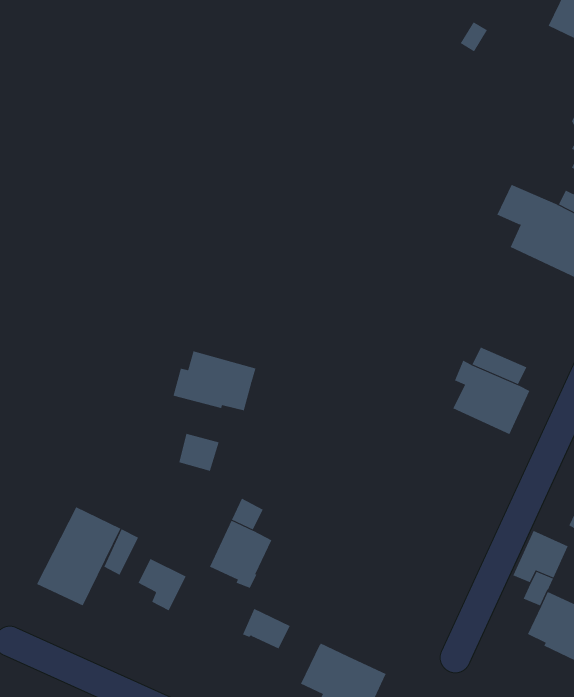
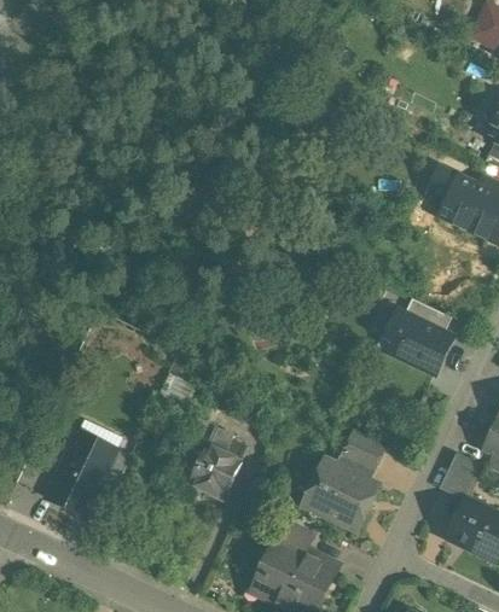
building: [173,350,256,411] -> none
building: none -> [341,430,384,472]
building: none -> [312,460,376,528]
building: [138,558,186,611] -> none
building: [242,608,291,649] -> [273,521,313,555]

